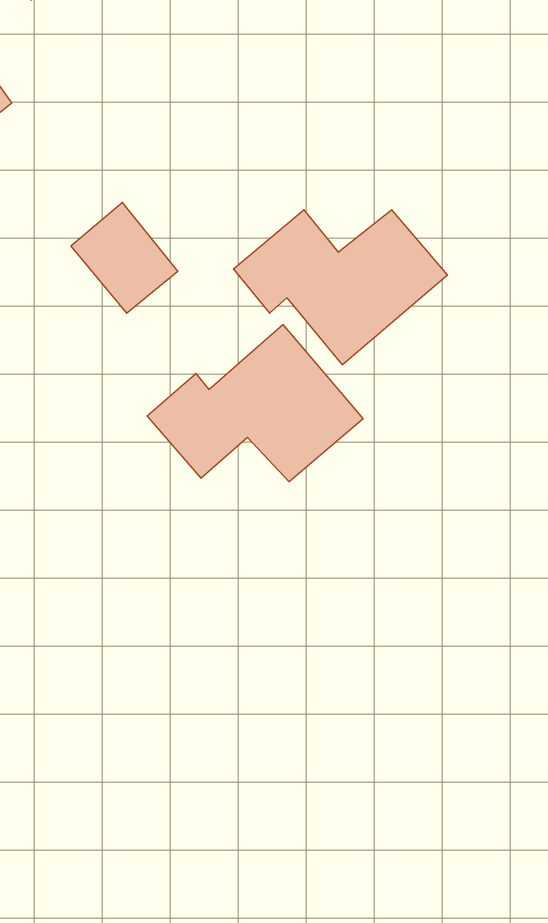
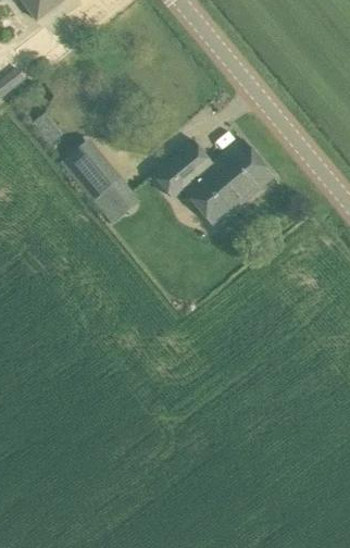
building: [147,325,363,482] -> none

